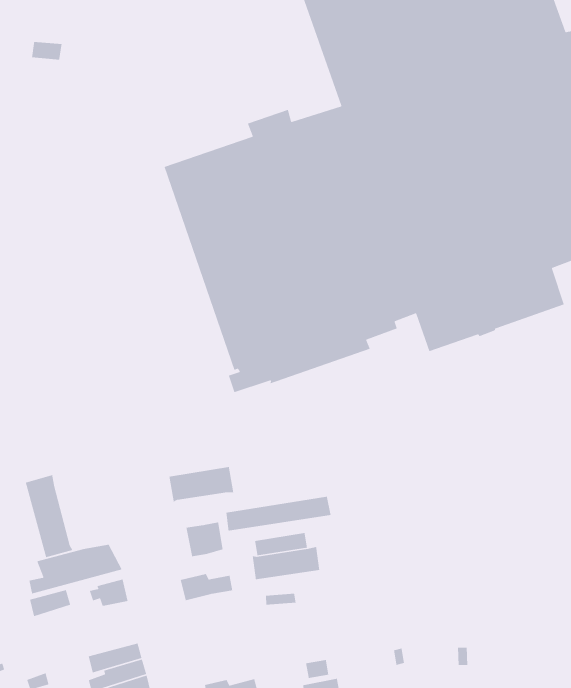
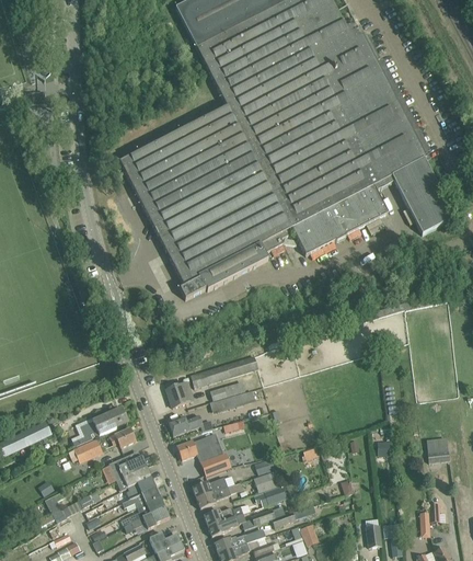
building: [168,466,234,503] -> none
building: [25,474,74,558] -> none
building: none -> [176,435,229,477]
building: none -> [108,454,147,479]

